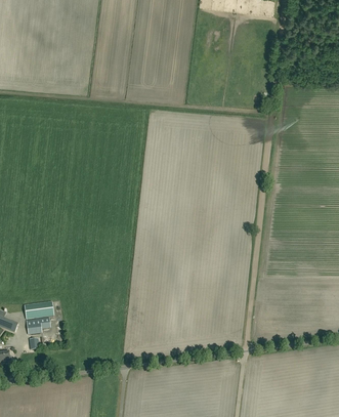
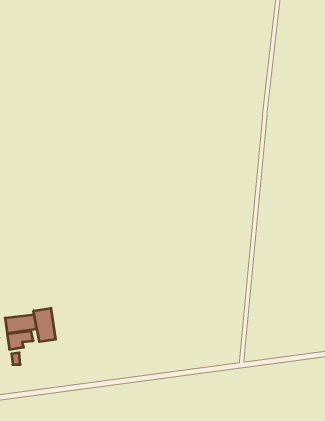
building: none -> [34,308,56,342]

